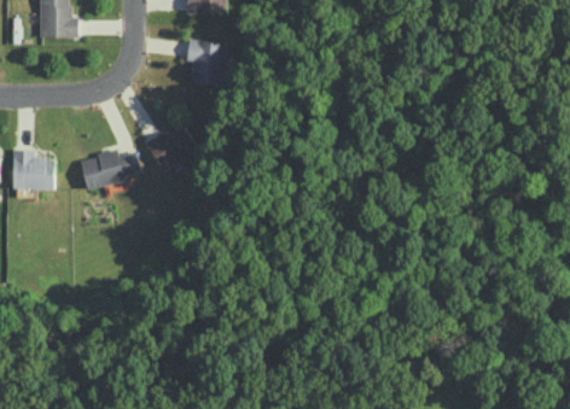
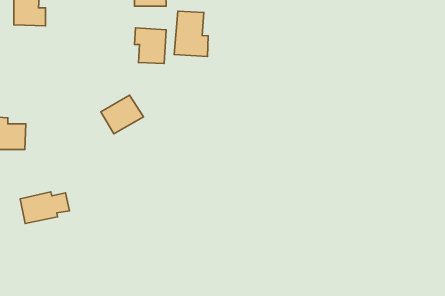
building: none -> [174,11,208,57]
building: [80,151,140,189] -> [20,192,70,224]

